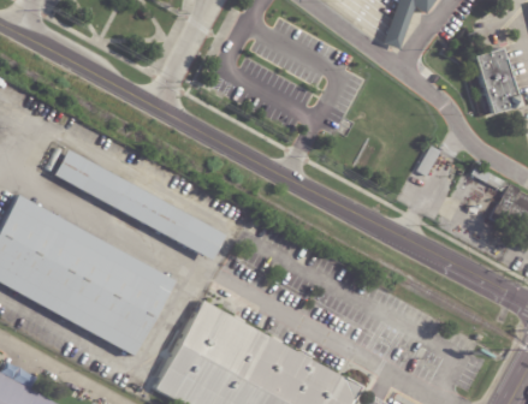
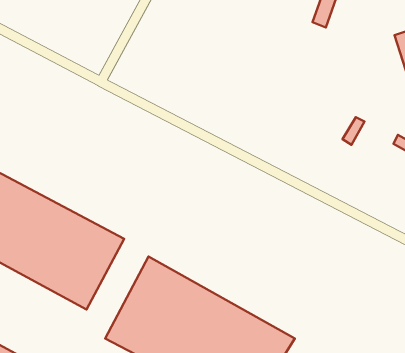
building: [57,151,225,259] -> none

